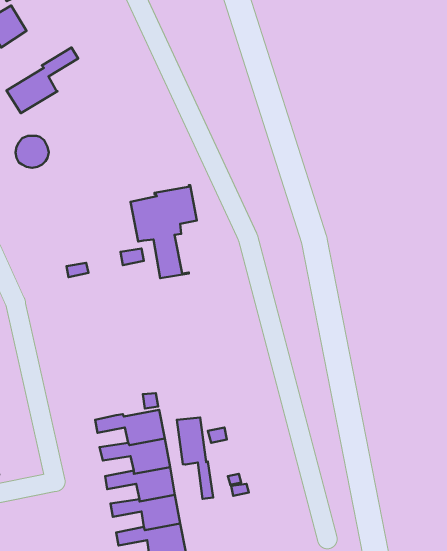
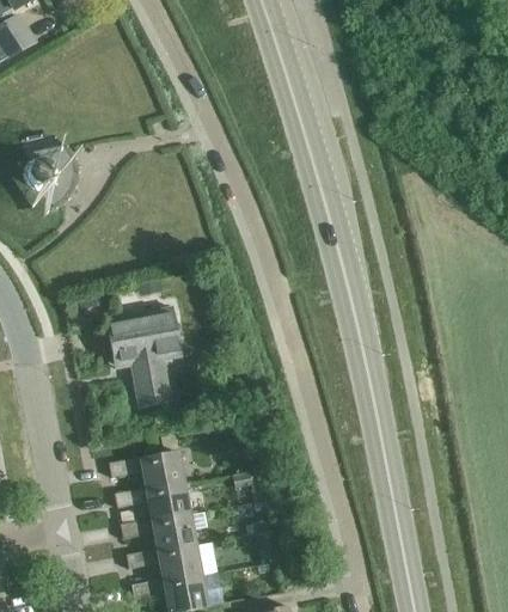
building: [6,48,78,113] -> none
building: [130,185,197,278] -> [108,305,179,405]
building: [177,418,213,499] -> none

